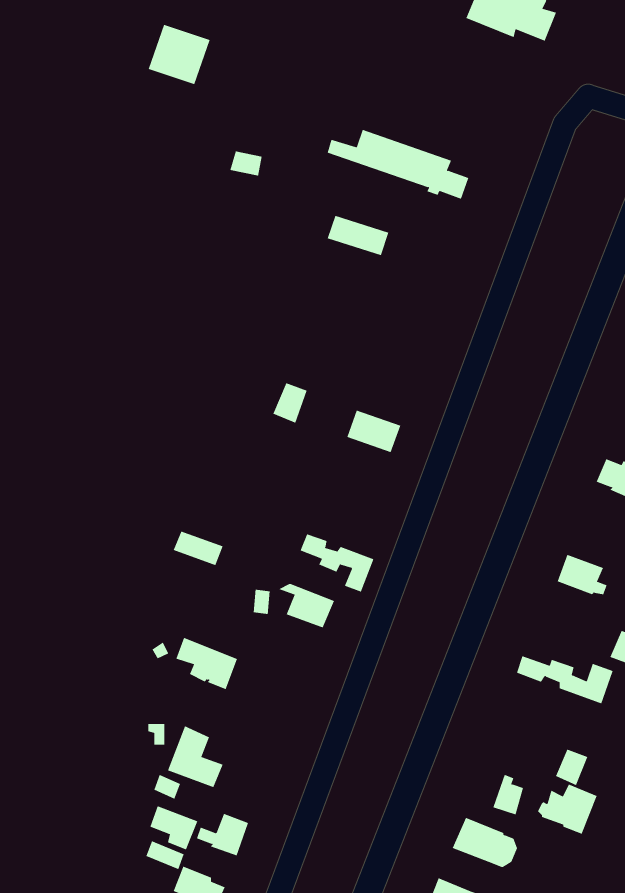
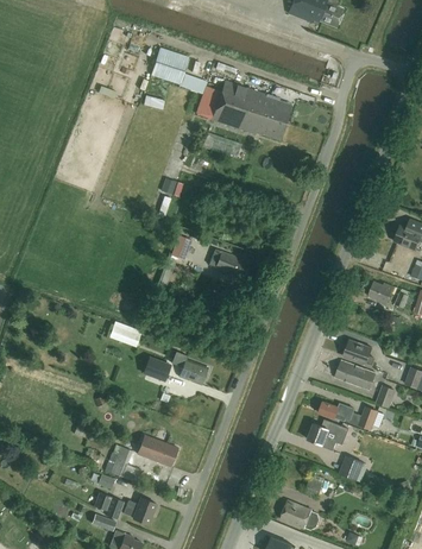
building: [148,24,210,85] -> [151,48,189,84]
building: none -> [196,95,285,139]
building: [300,533,374,592] -> none
building: none -> [335,360,376,391]
building: [176,637,238,690] -> [139,435,177,467]
building: [537,784,598,835] -> [306,419,342,450]

